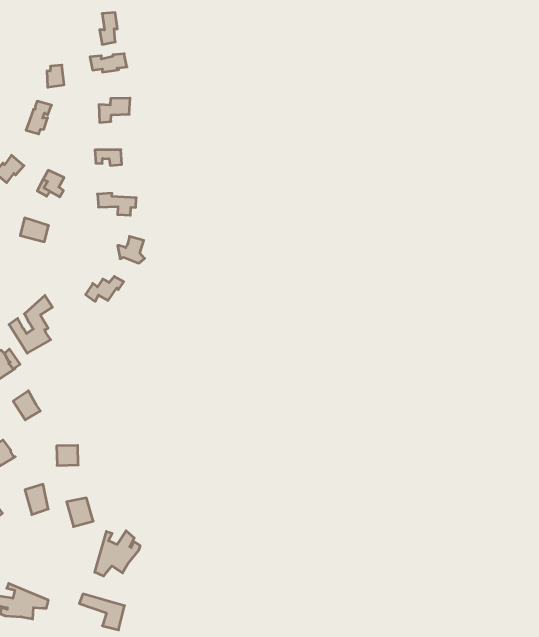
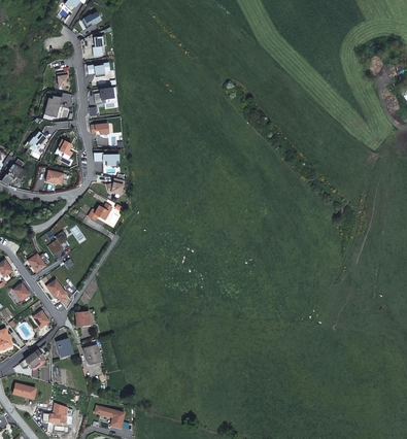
building: [95,531,140,576] -> none

